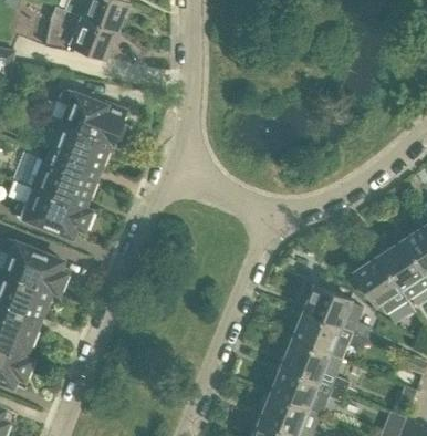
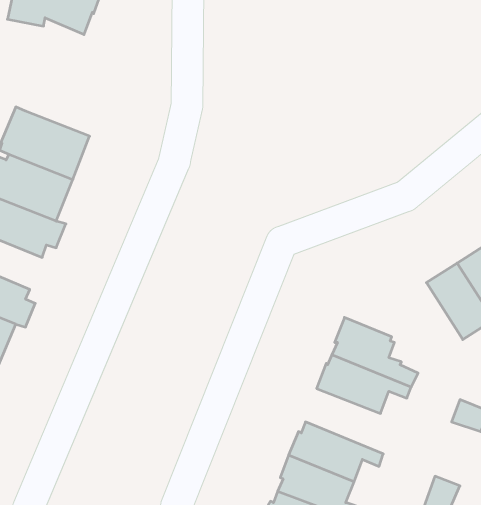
building: [59,90,126,143] -> none
building: [354,257,408,316] -> none
building: [282,341,348,393] -> none

